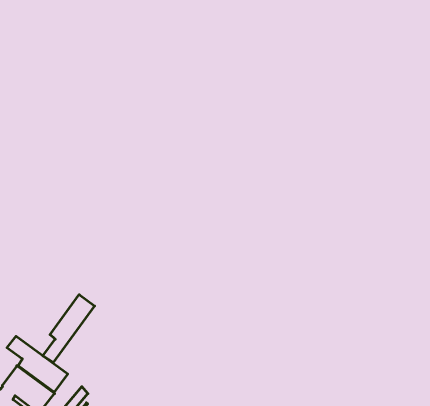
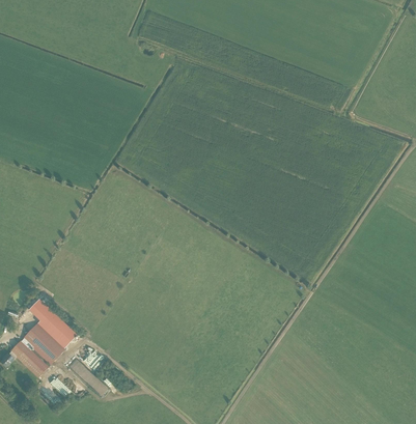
building: [43,295,95,363] -> none

